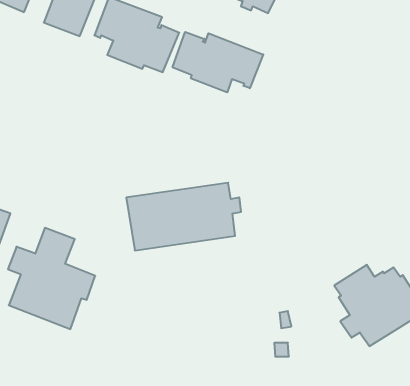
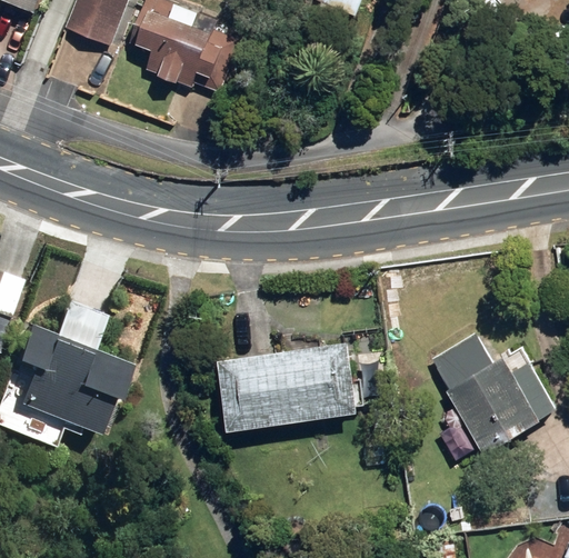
building: [173,32,263,92] -> none
building: [126,183,241,250] -> [219,339,368,427]

